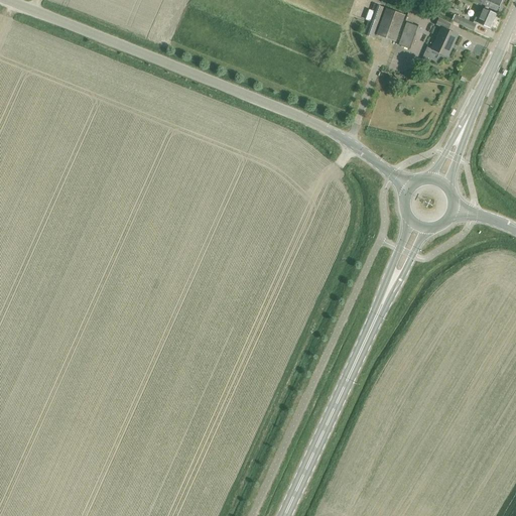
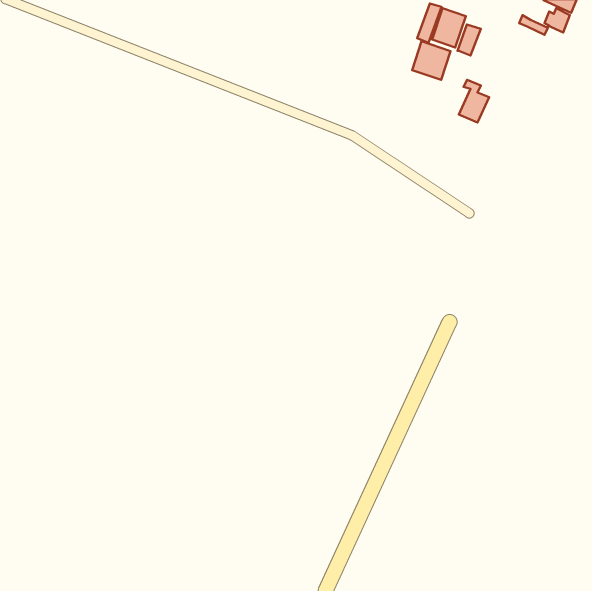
building: [431,18,458,55] -> [459,80,489,123]
building: none -> [412,41,451,80]

